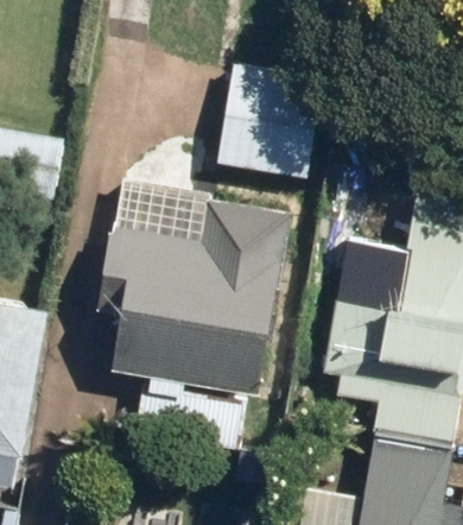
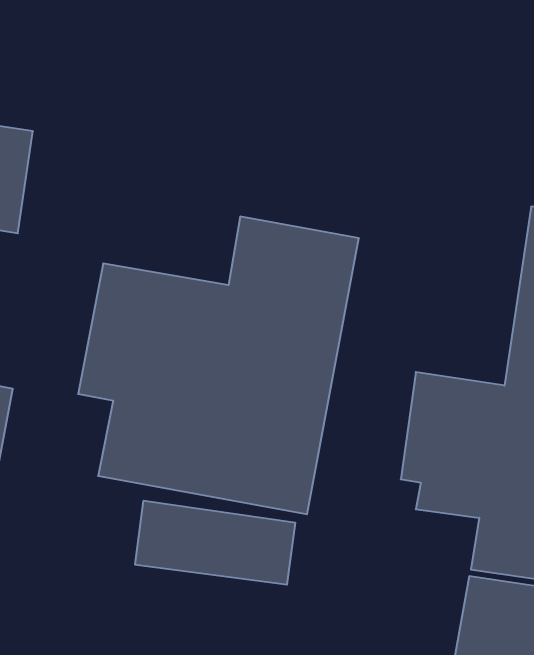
building: [215,58,325,176] -> none

